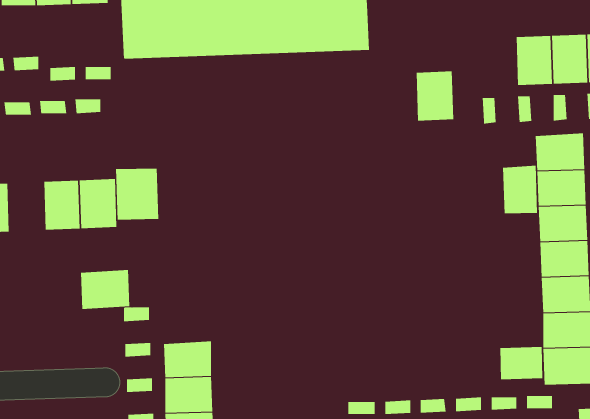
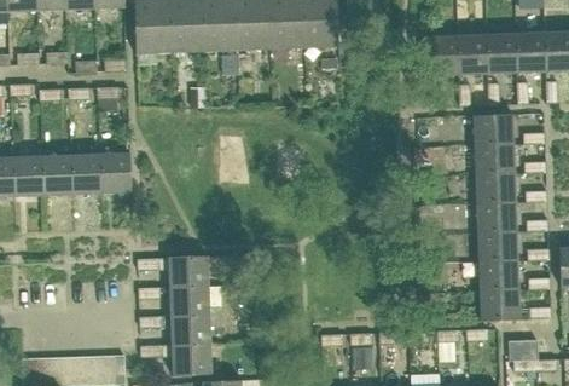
building: [416,71,454,121] -> [428,35,459,76]
building: [503,165,538,214] -> none
building: [116,168,159,220] -> none
building: none -> [42,154,72,195]
building: [80,270,130,309] -> [168,254,209,287]
building: [500,346,543,380] -> none

